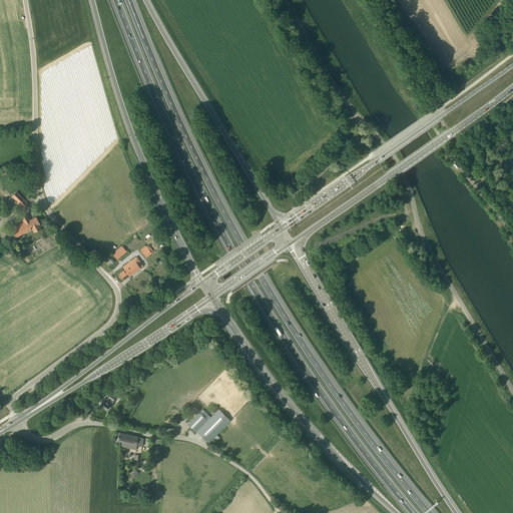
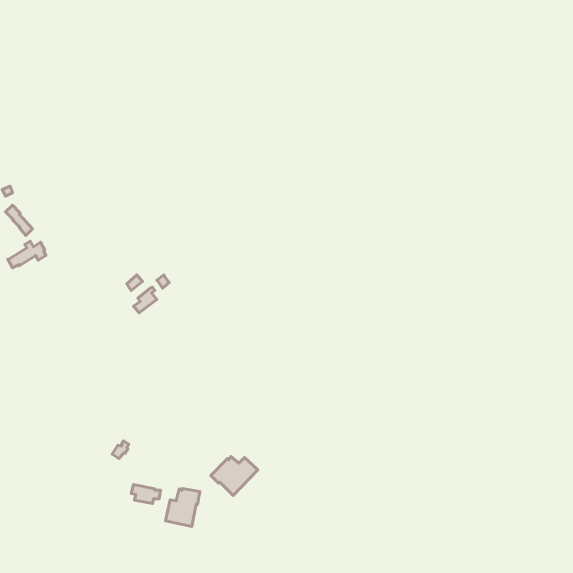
building: none -> [166,488,200,526]

